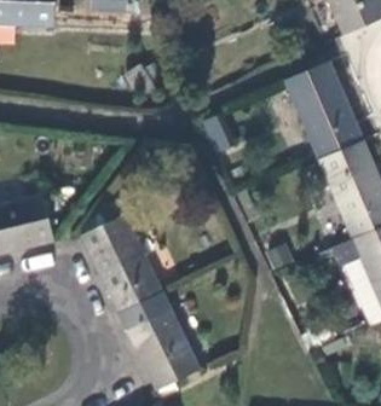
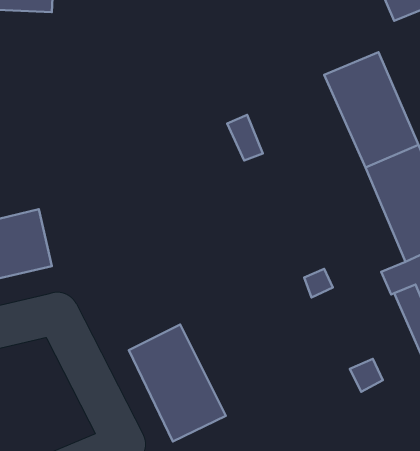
building: [80,201,162,314] -> none

